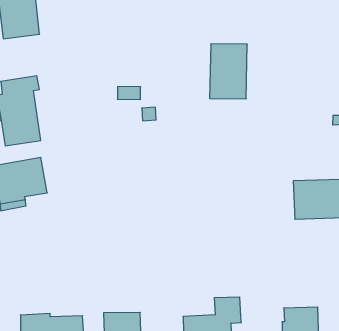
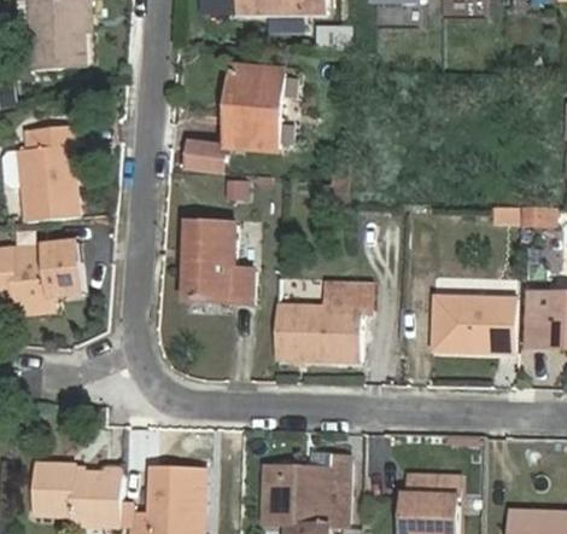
building: [210,44,247,99] -> [227,66,285,147]
building: none -> [186,221,252,302]
building: none -> [275,283,372,360]

